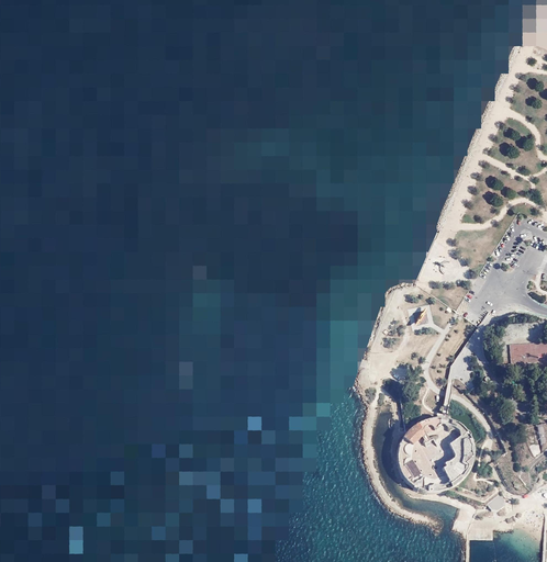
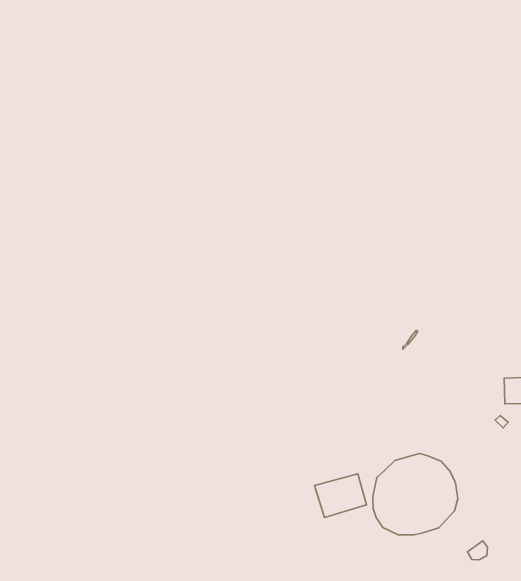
building: none -> [314,474,366,517]

